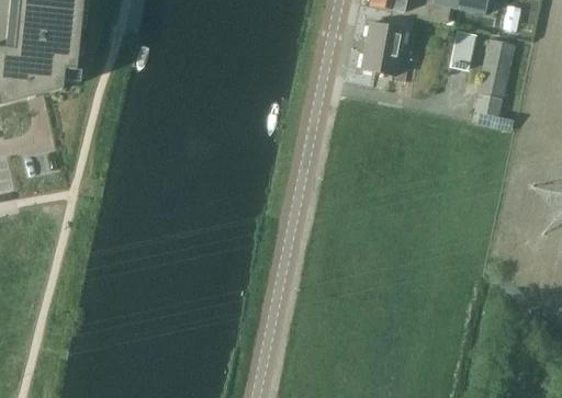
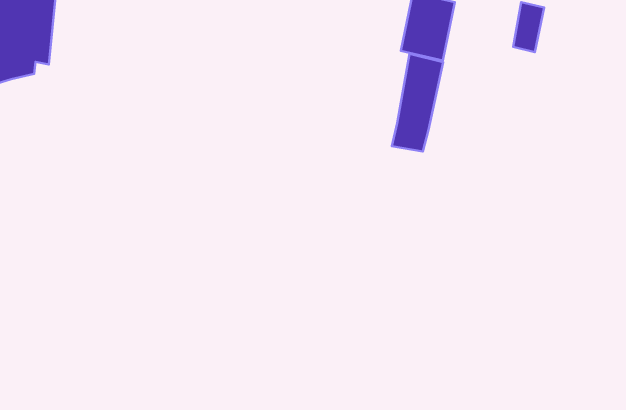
building: [475,35,517,114] -> [392,54,443,151]

